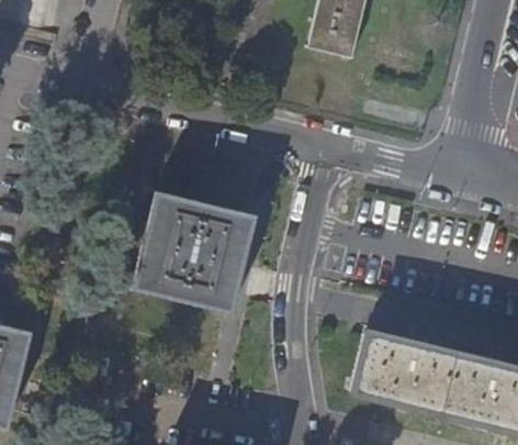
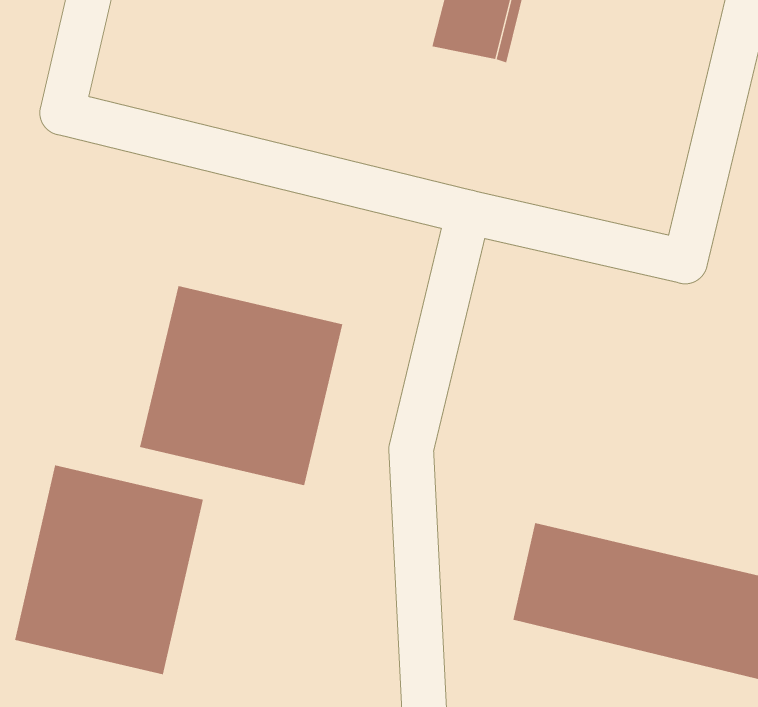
building: none -> [15,464,204,675]

